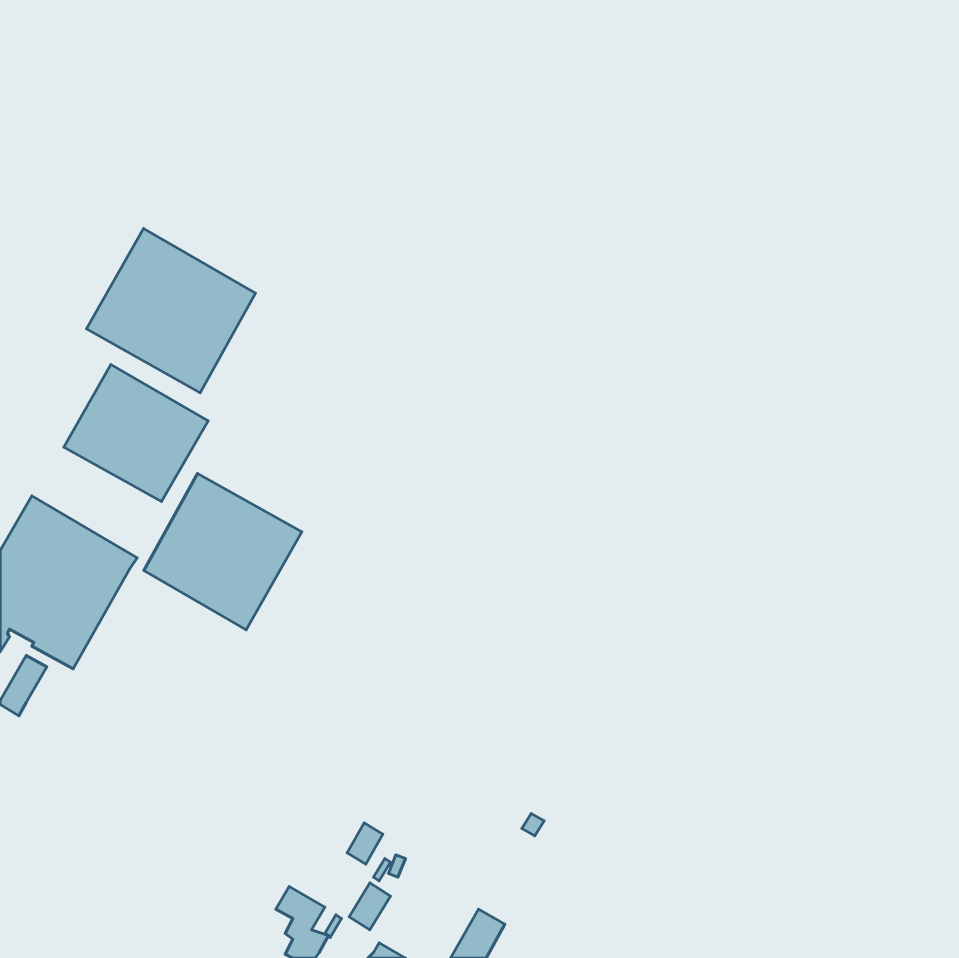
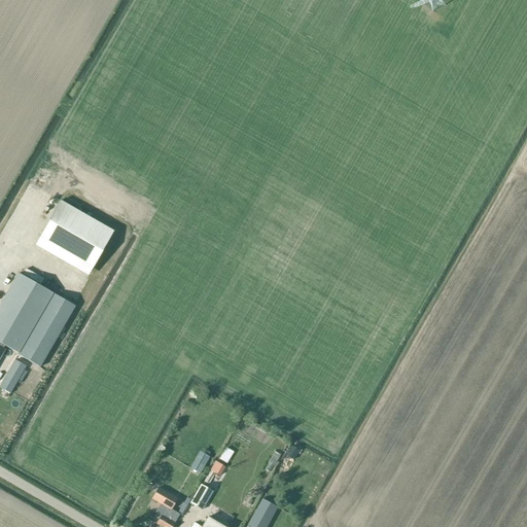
building: [86,228,255,393] -> none
building: [144,474,302,630] -> none

